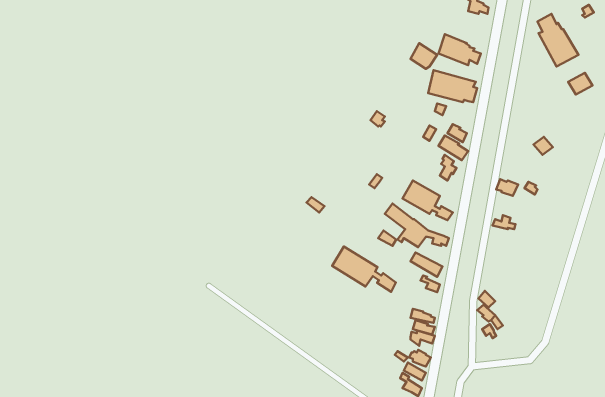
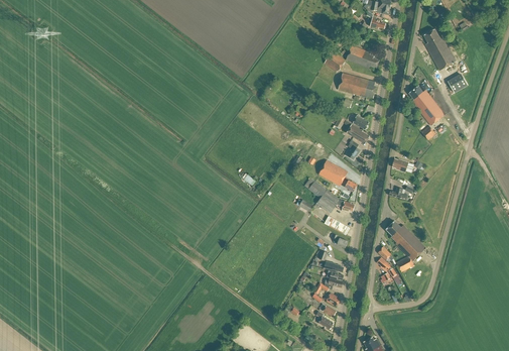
building: none -> [409,86,444,125]
building: [332,246,396,292] -> none
building: none -> [386,220,426,271]

